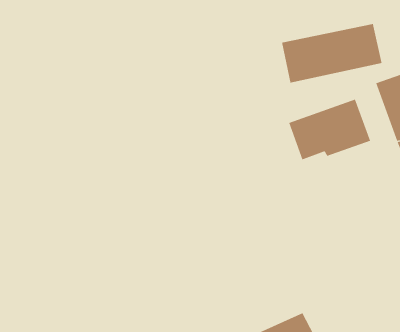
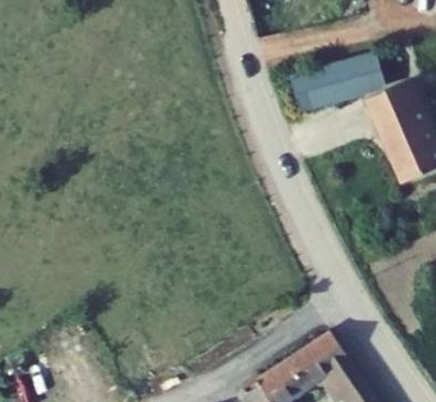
building: [288,98,371,160] -> none

